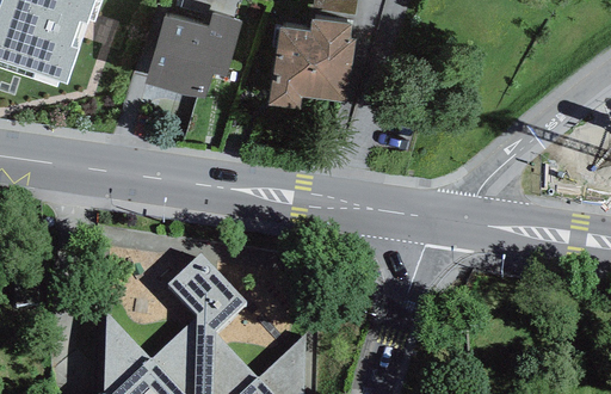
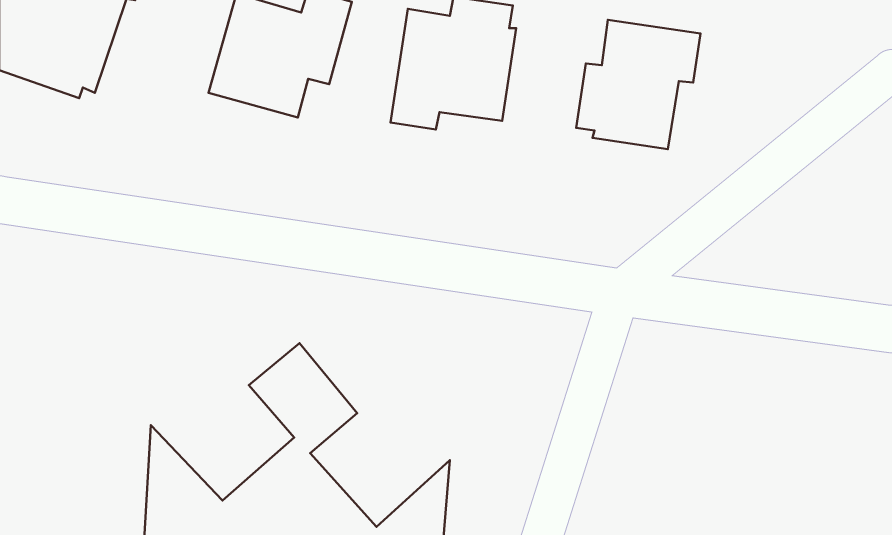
building: none -> [576,20,701,149]

